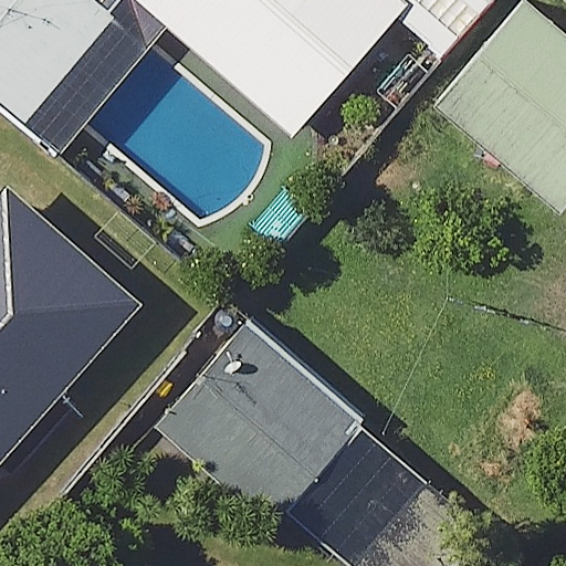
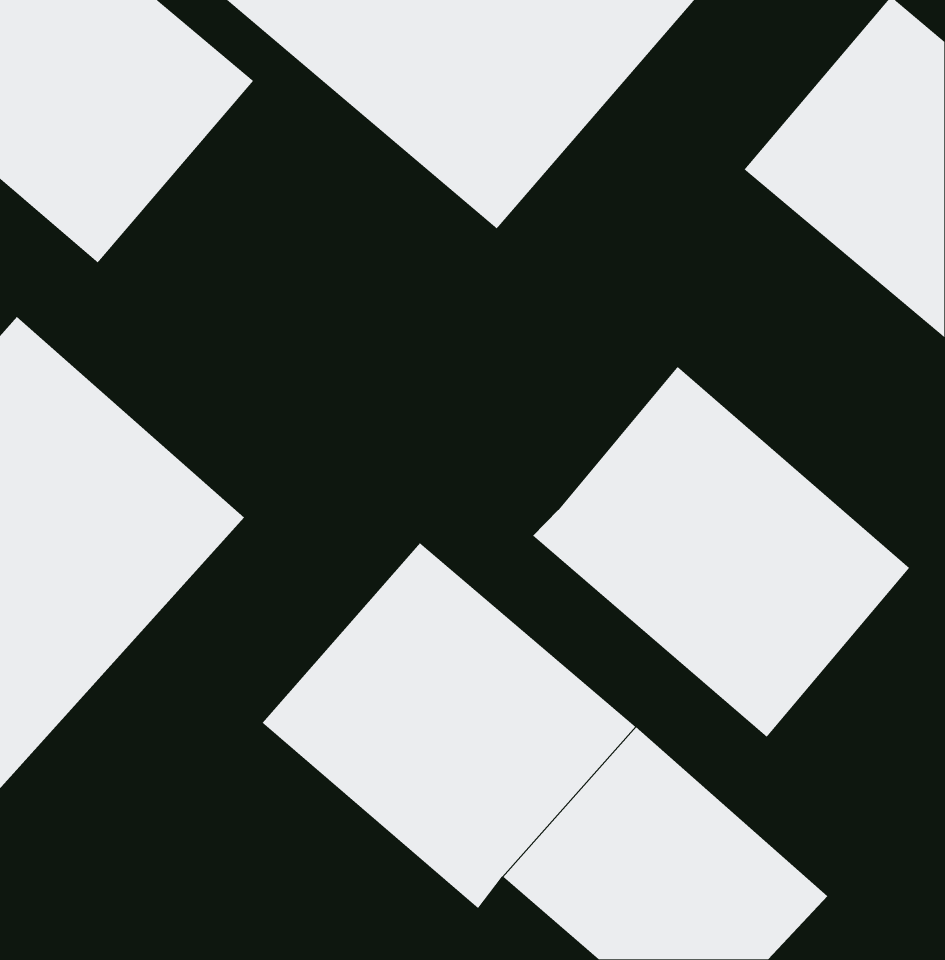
building: none -> [532,366,910,738]

